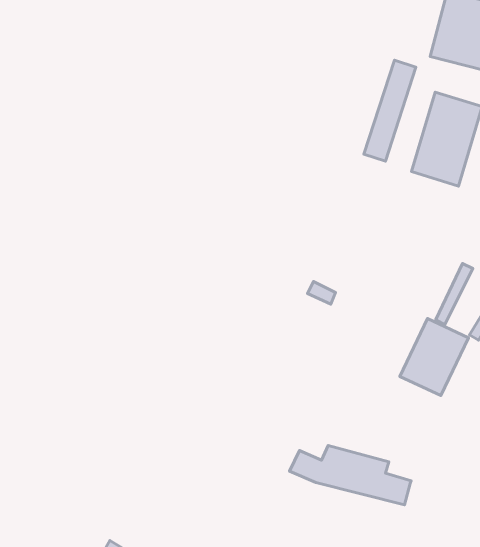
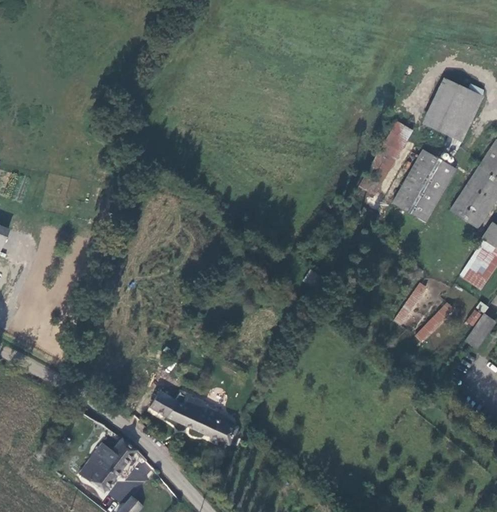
building: [400,319,468,395] -> none
building: [290,445,411,505] -> [149,391,238,445]

